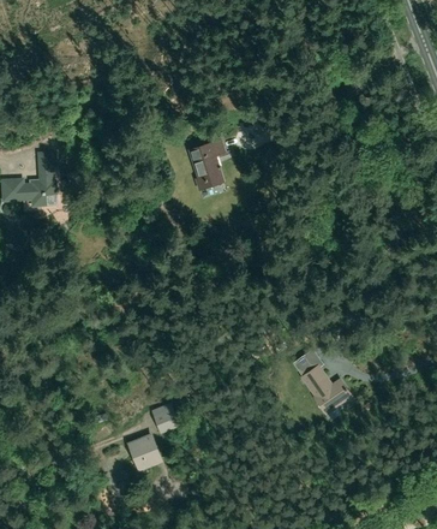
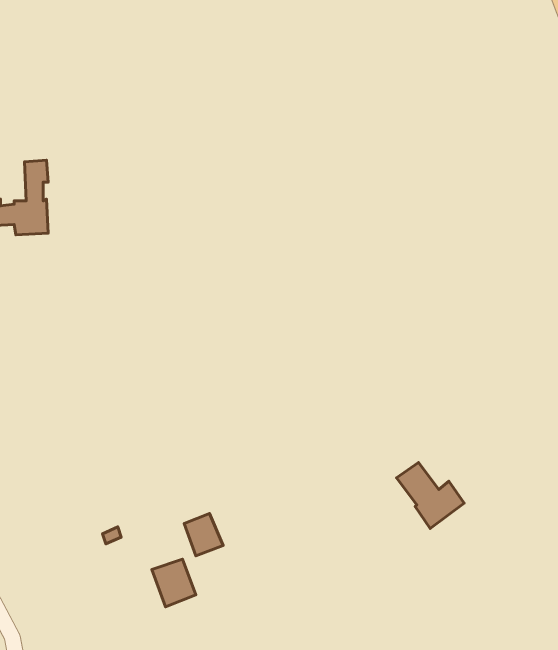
building: [190,139,225,190] -> none

